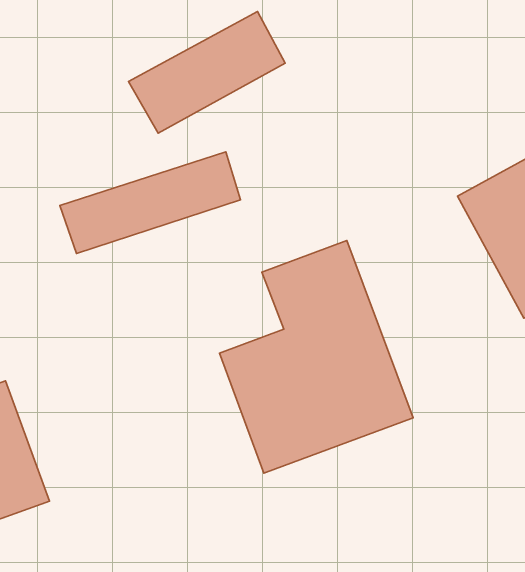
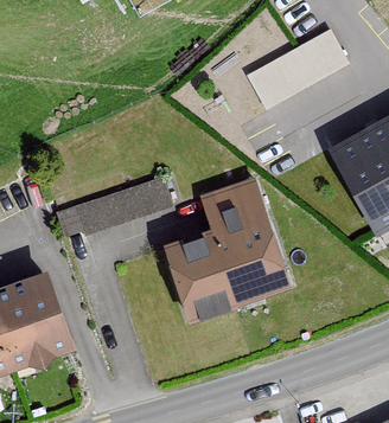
building: [128,11,285,133] -> [240,27,340,105]
building: [60,152,241,254] -> [55,179,171,244]

